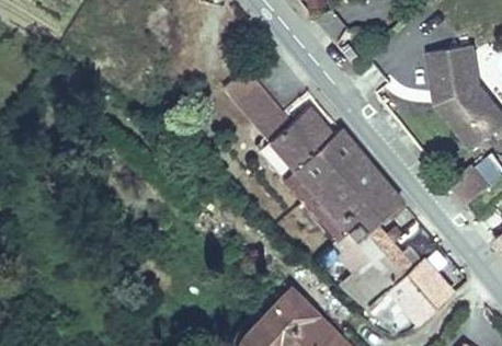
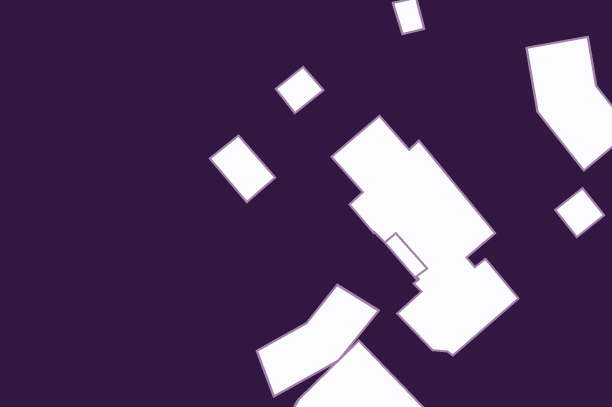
building: [239,87,292,140] -> [210,135,275,202]
building: none -> [257,285,379,396]
building: [366,254,449,325] -> none

